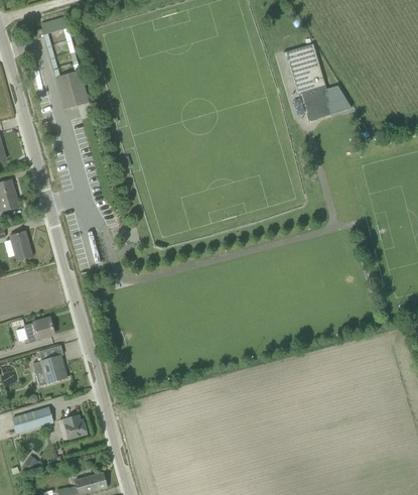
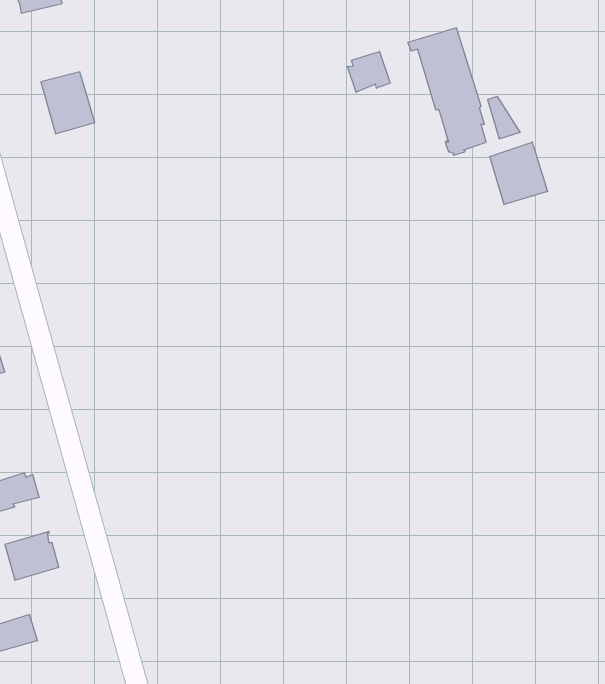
building: none -> [347,51,390,92]
building: none -> [490,142,548,205]
building: [63,413,88,438] -> none

